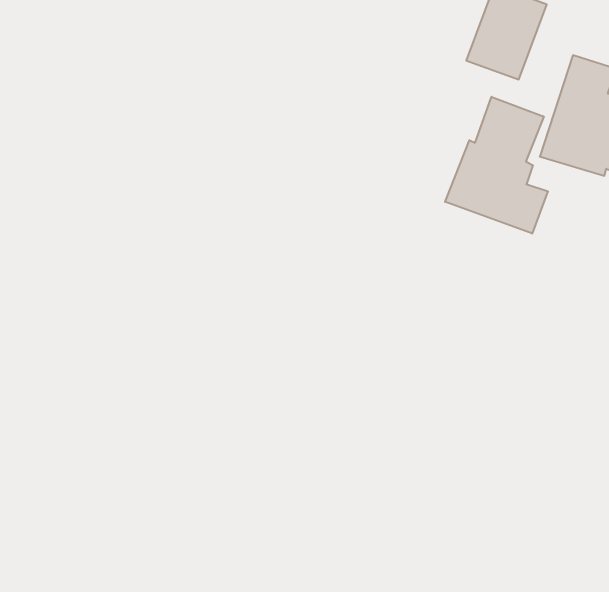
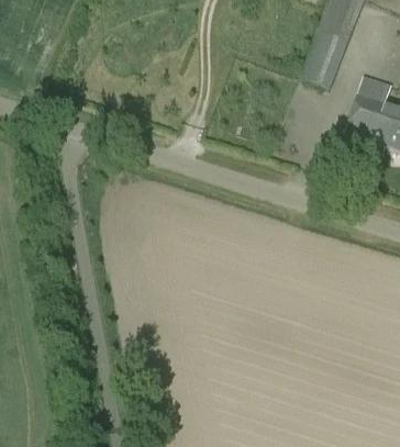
building: [445,97,548,234] -> none

